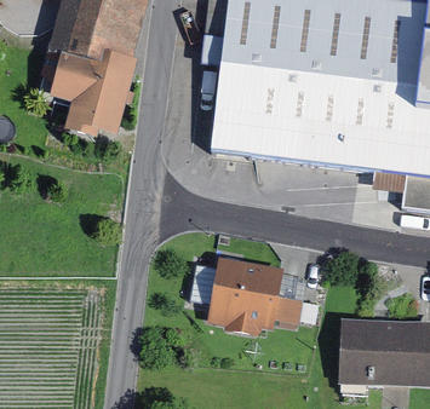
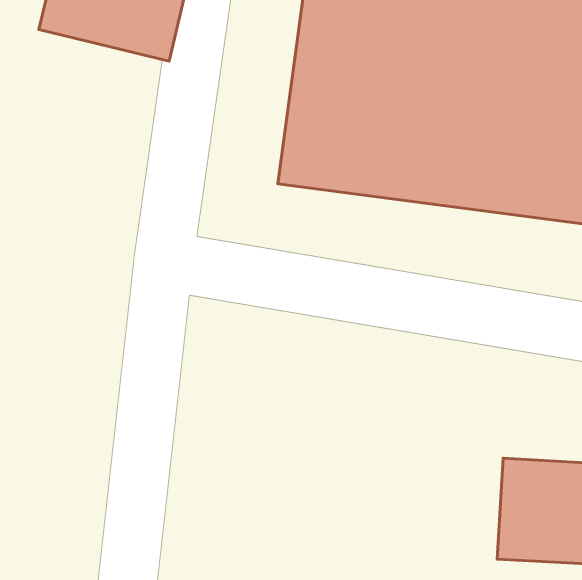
building: [48,54,138,139] -> none
building: [210,260,305,326] -> none

